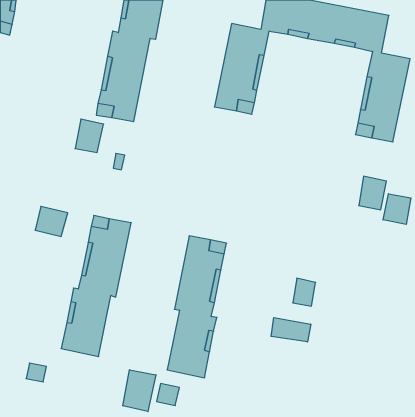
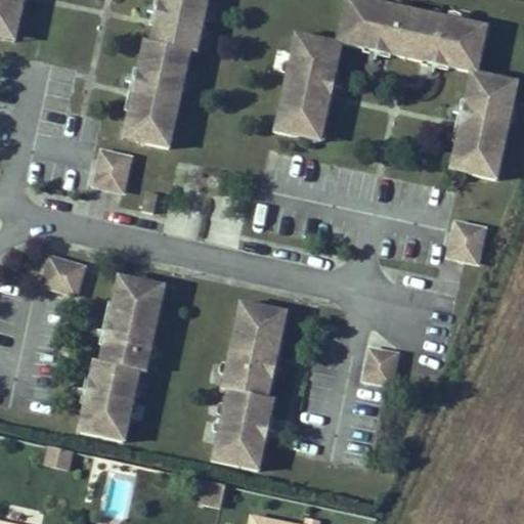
building: [383,194,411,224] -> none
building: [271,318,311,342] -> none
building: [123,370,156,412] -> none

